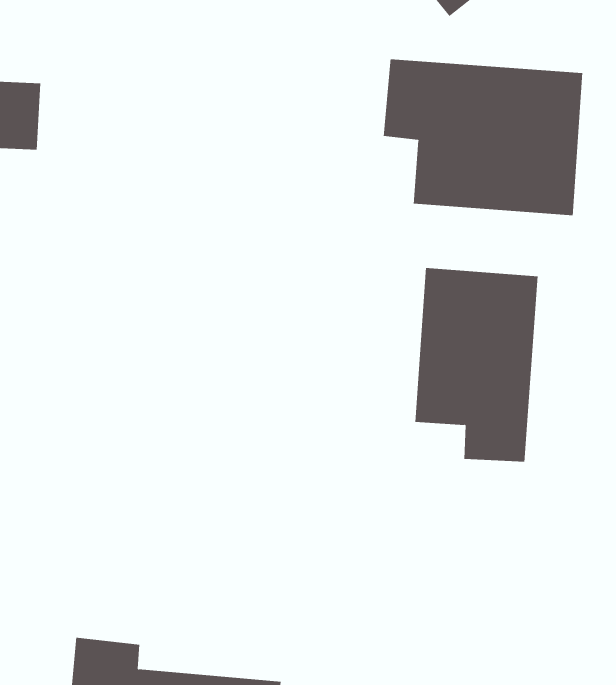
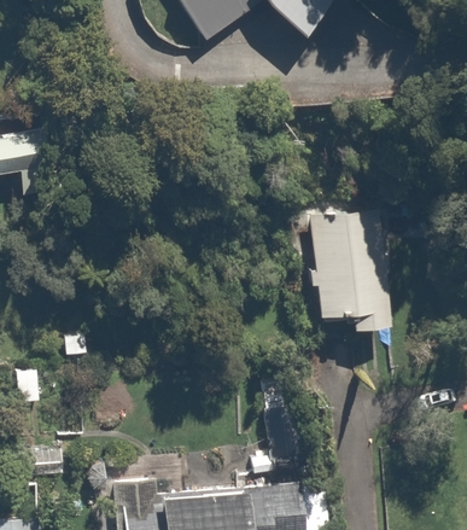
building: [383,59,583,216] -> none

